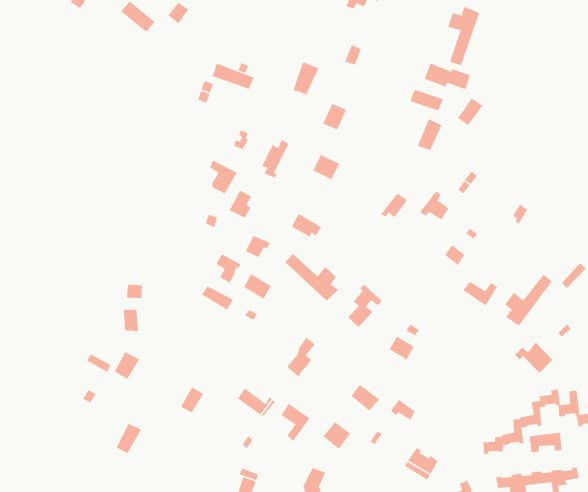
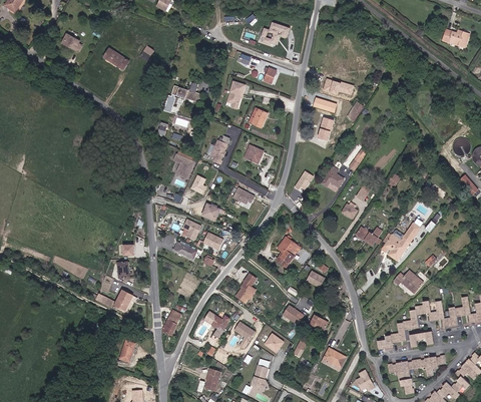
building: [447,6,480,66] -> none
building: [284,253,339,301] -> none

